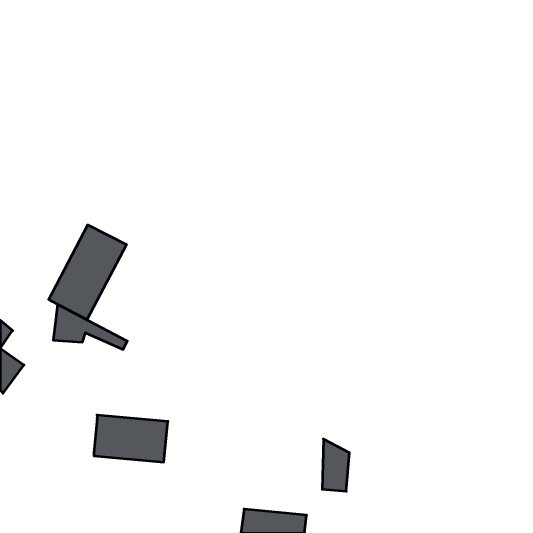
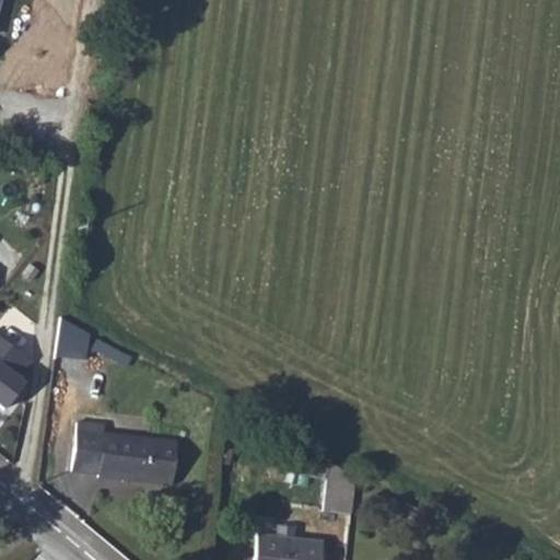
building: [49,225,126,320] -> none
building: none -> [71,435,102,475]

